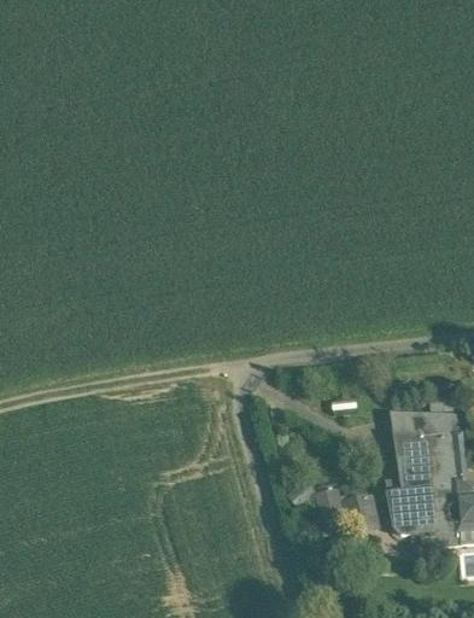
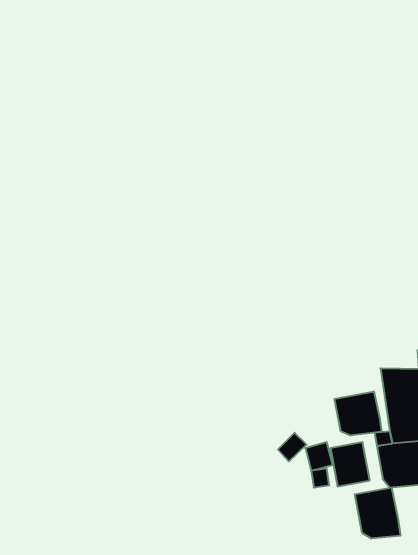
building: none -> [335,391,382,436]
building: none -> [355,487,400,539]

